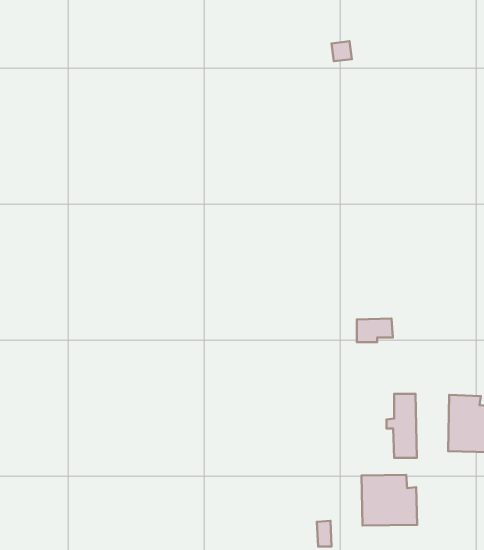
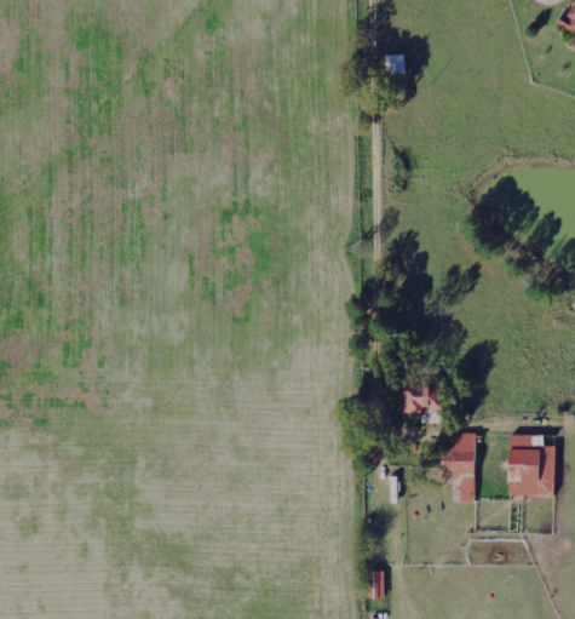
building: [357,318,393,342] -> [403,388,442,413]
building: [362,475,417,526] -> none

